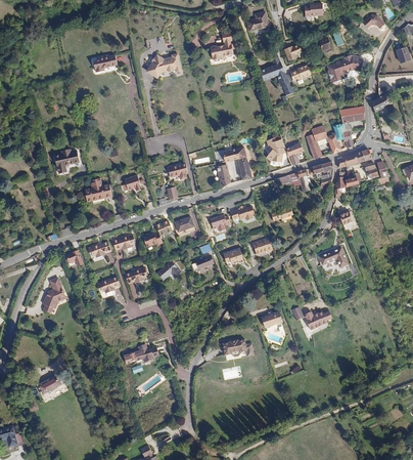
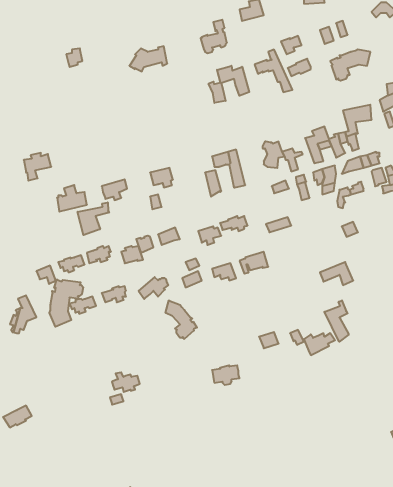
building: none -> [209,66,249,103]
building: none -> [78,202,109,235]
building: none -> [49,279,83,327]
building: none -> [324,300,349,342]
building: none -> [166,300,197,339]

